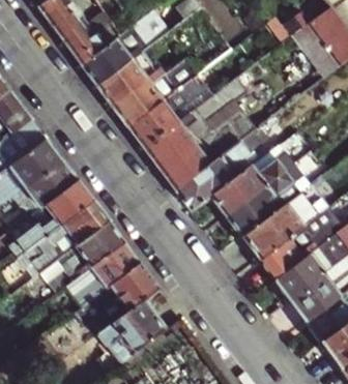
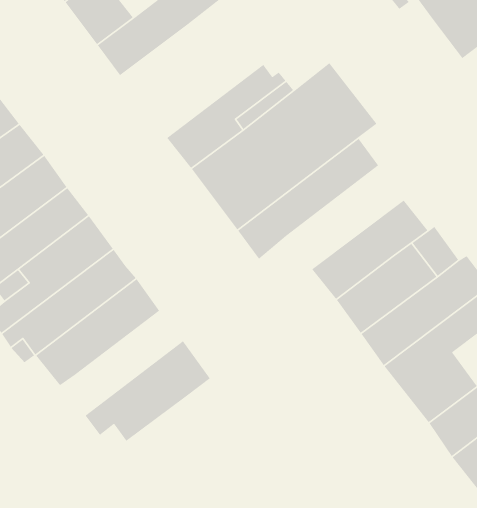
building: [97,52,199,127] -> none
building: [209,146,288,215] -> none
building: [67,243,140,306] -> none
building: [96,301,164,360] -> none

